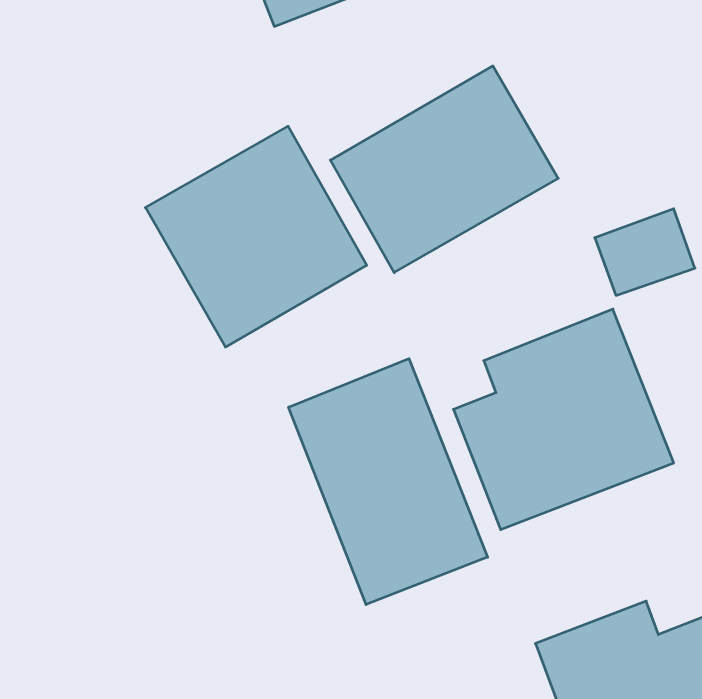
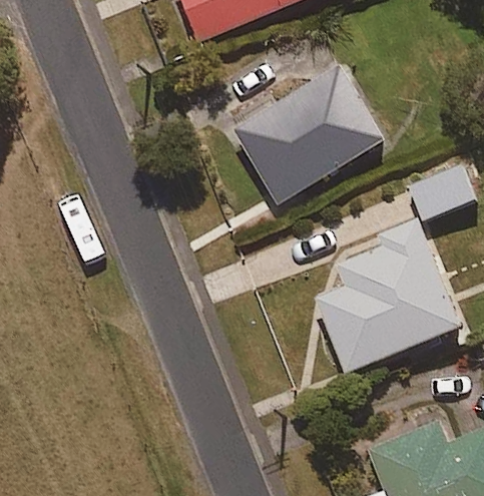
building: [145,126,367,347] -> none
building: [289,359,488,605] -> none

